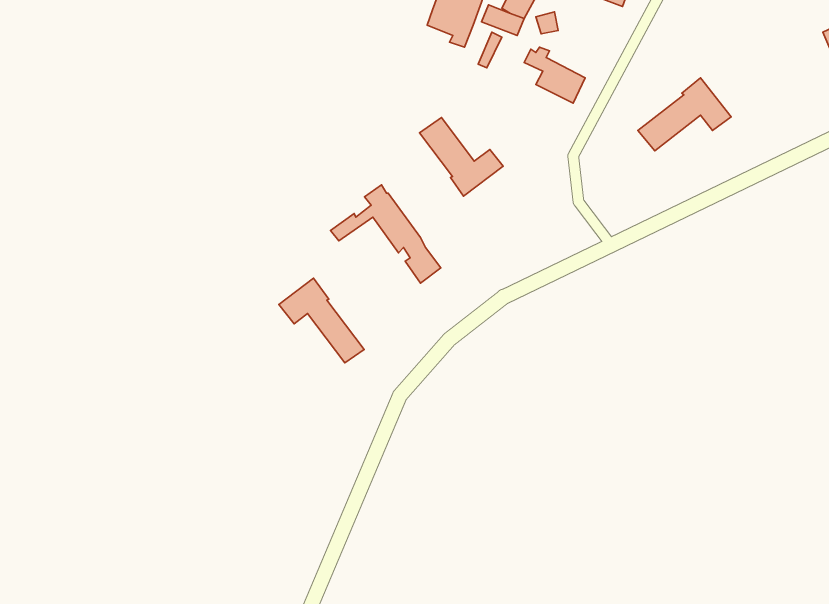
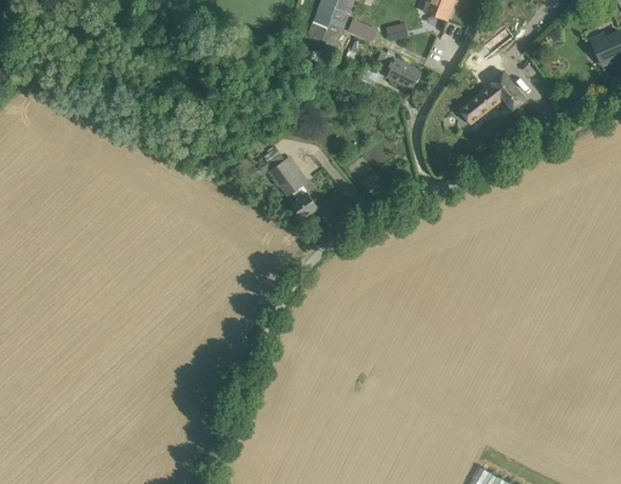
building: [420,118,503,196] -> none
building: [279,278,364,363] -> none

